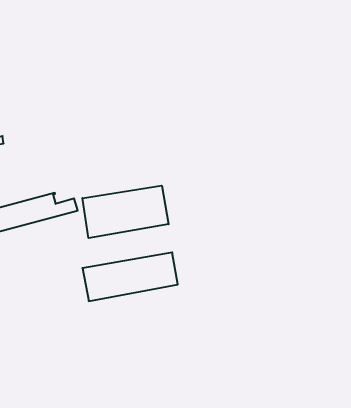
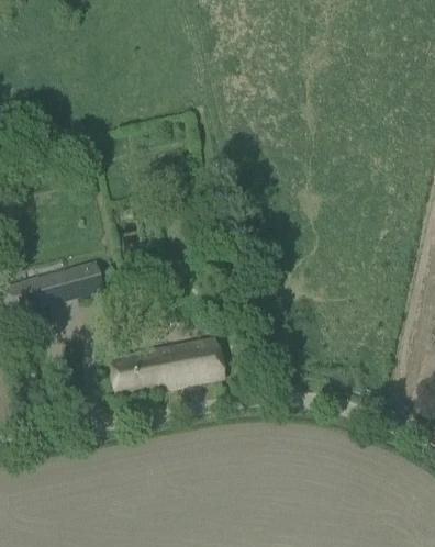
building: [82,186,169,238] -> none

